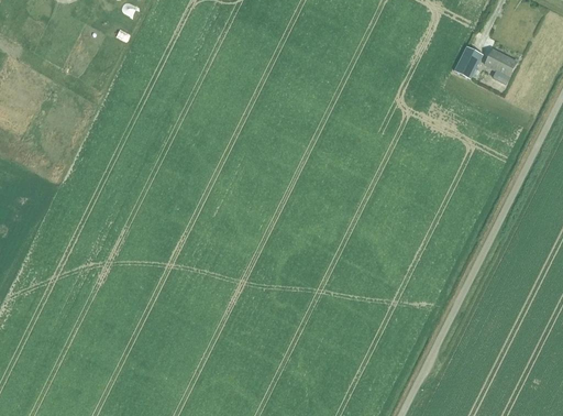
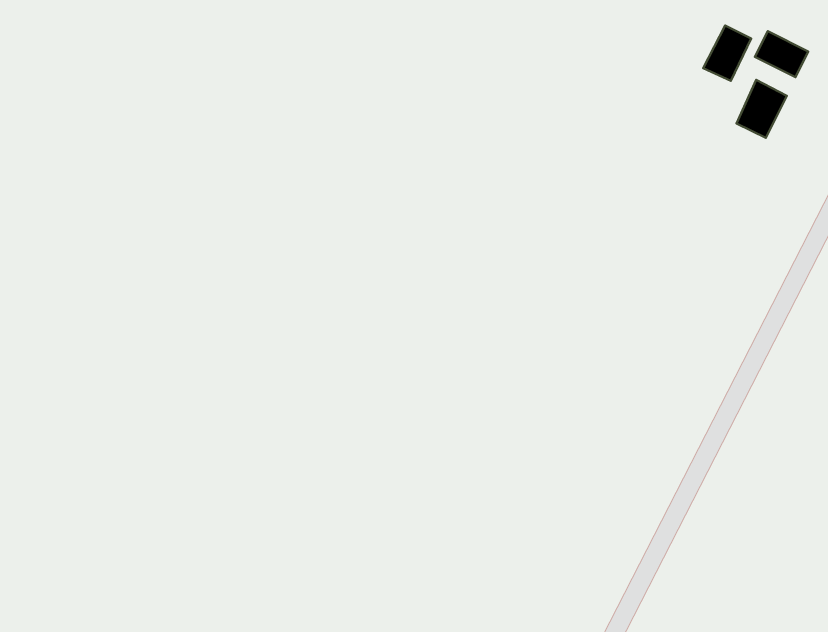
building: none -> [737,80,787,138]

